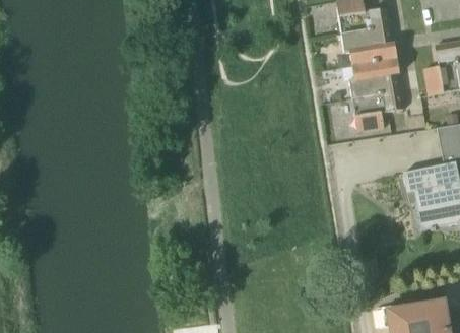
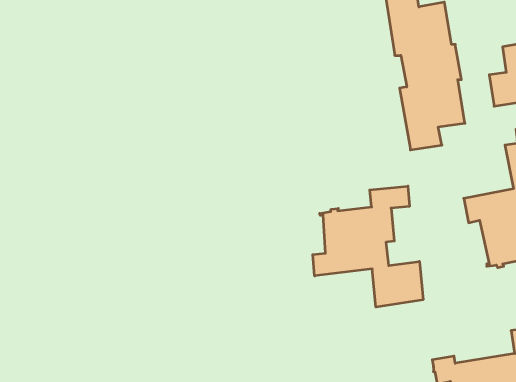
building: none -> [313,186,423,307]

